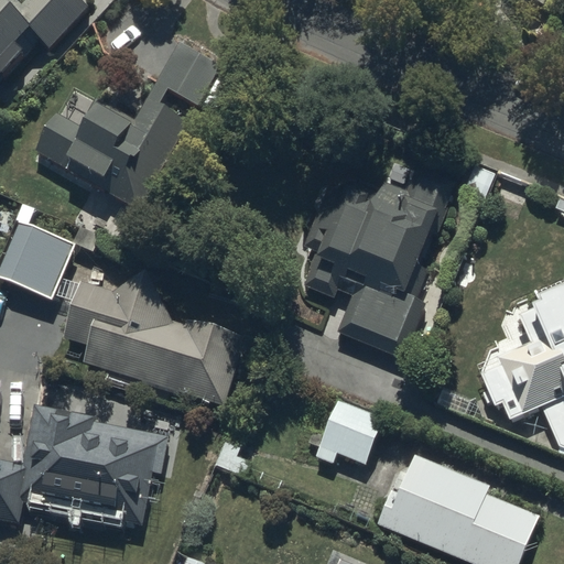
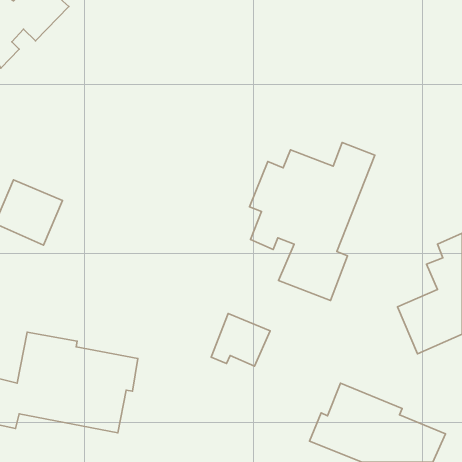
building: [32,39,228,209] -> none
building: [63,267,243,403] -> none
building: [315,409,387,473] -> [211,314,270,366]

